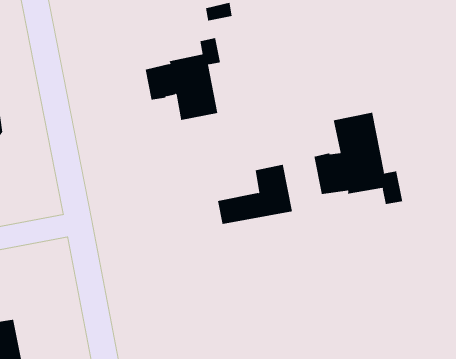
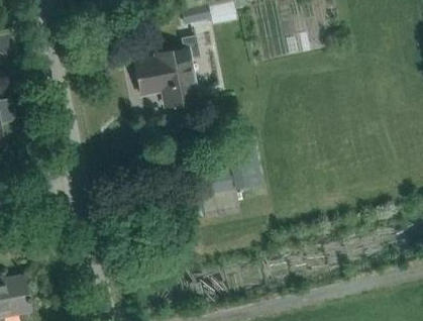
building: [314,112,403,205] -> none

